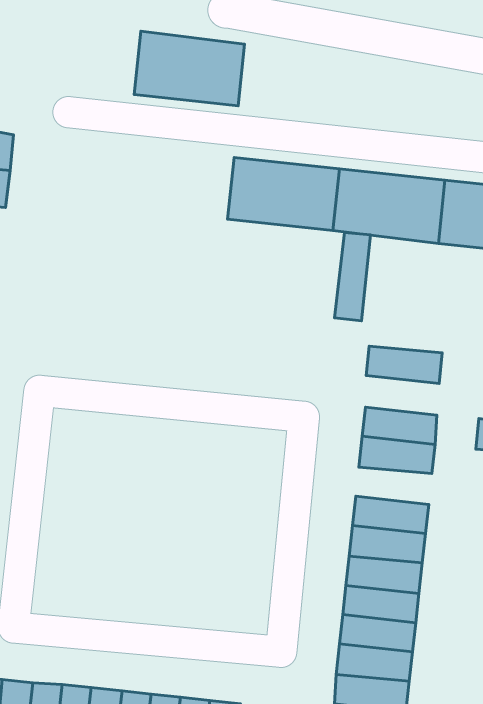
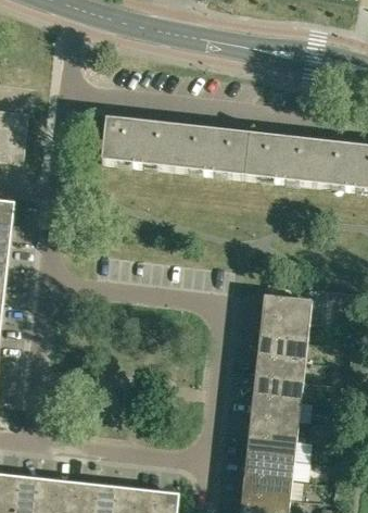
building: [134,31,245,106] -> [102,116,176,166]
building: [334,232,370,321] -> none
building: [366,346,442,383] -> [257,333,308,358]

